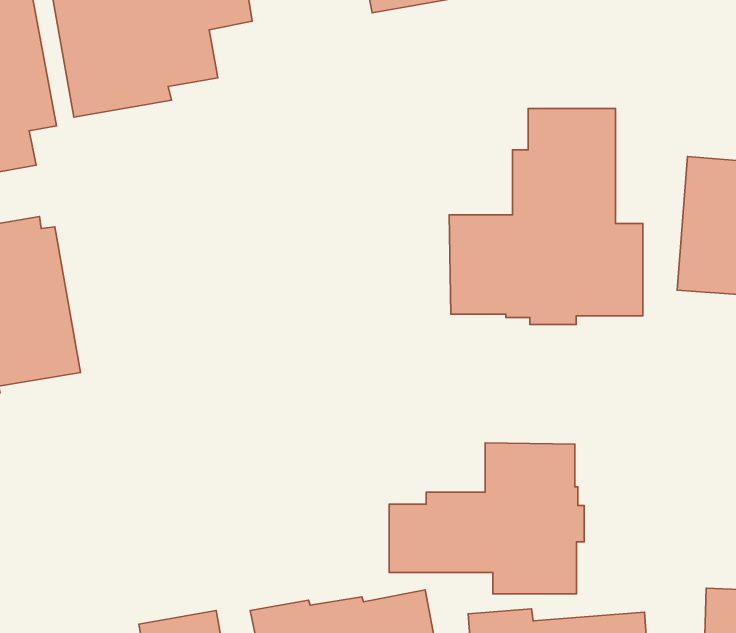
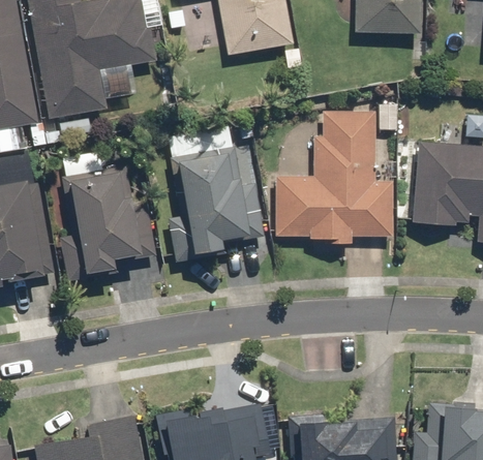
building: none -> [170,146,266,262]
building: none -> [61,165,157,281]
building: [389,443,584,594] -> none

